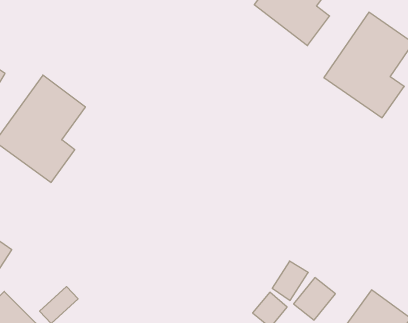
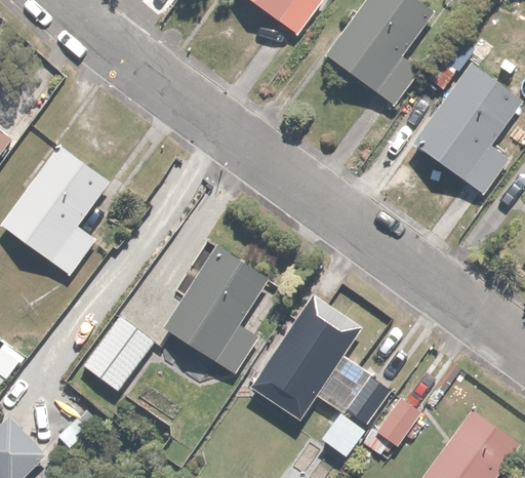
building: none -> [161,246,267,374]
building: none -> [248,294,359,420]
building: none -> [84,318,156,392]

